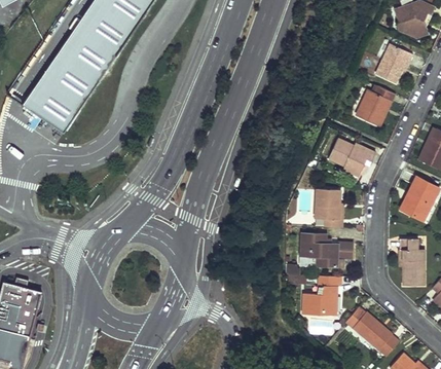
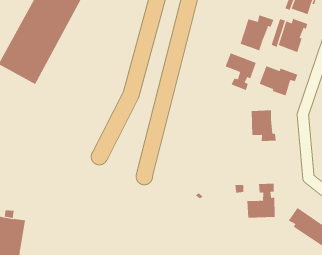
building: none -> [240,15,274,51]
building: none -> [225,52,257,91]
building: [299,233,352,267] -> none

